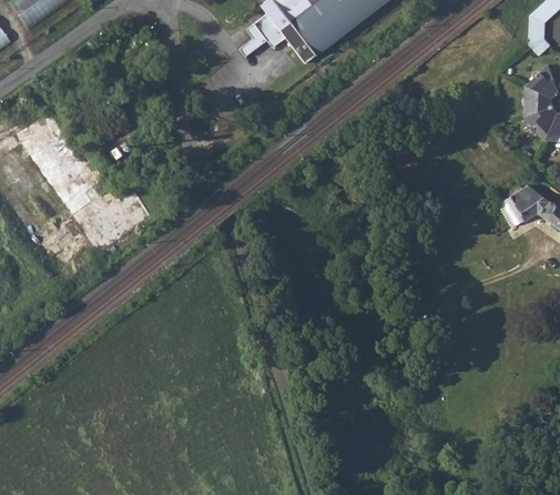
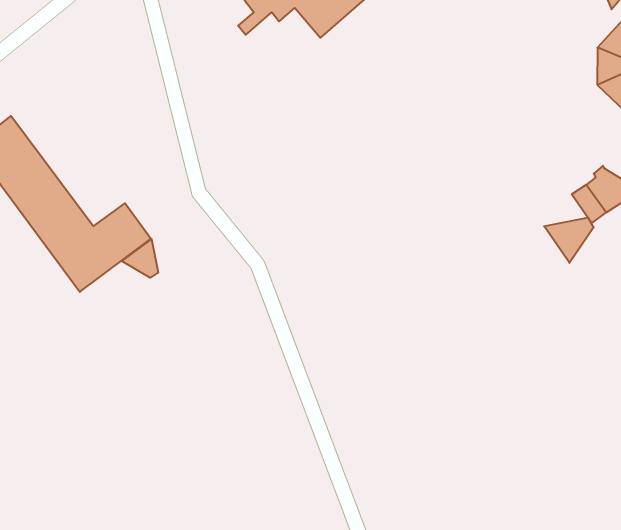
building: none -> [122,239,158,278]
building: none -> [544,218,594,263]

